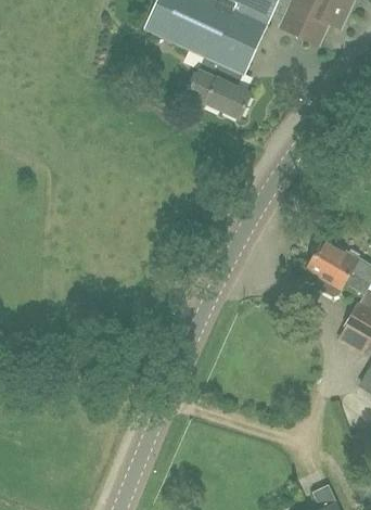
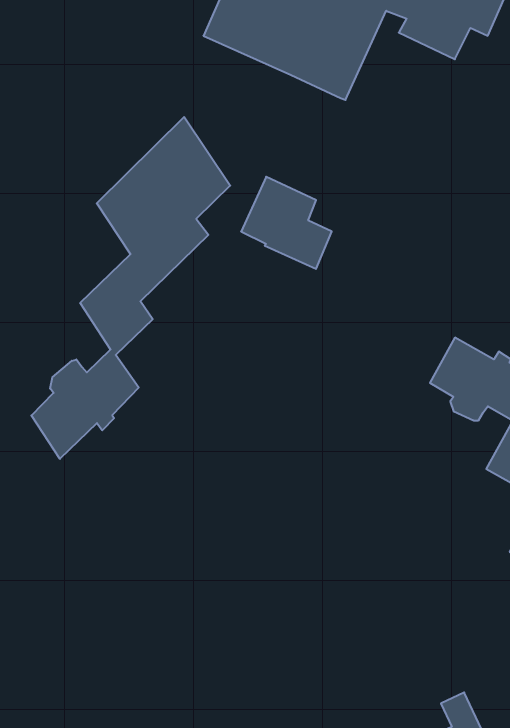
building: [189,55,252,119] -> [241,177,332,269]
building: none -> [31,117,230,459]

